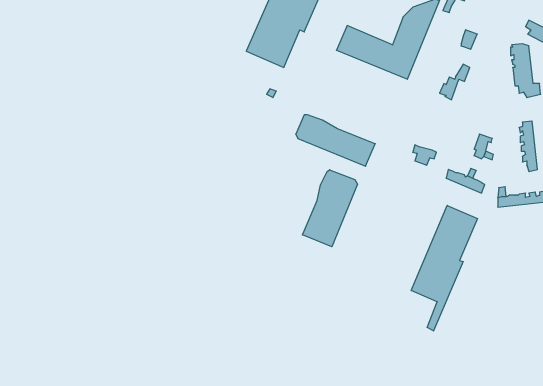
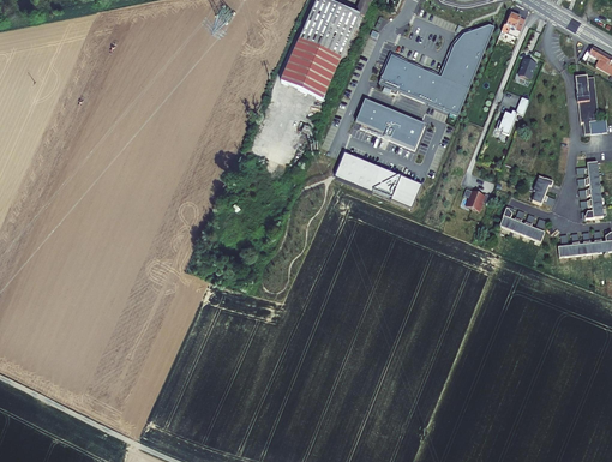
building: none -> [356,98,425,146]
building: [302,170,357,247] -> none
building: [411,205,478,331] -> none

